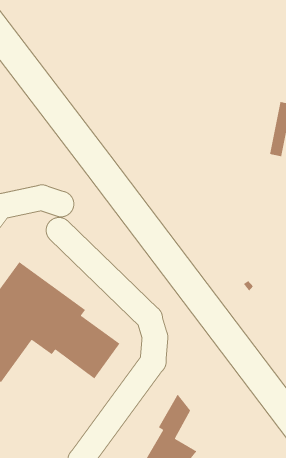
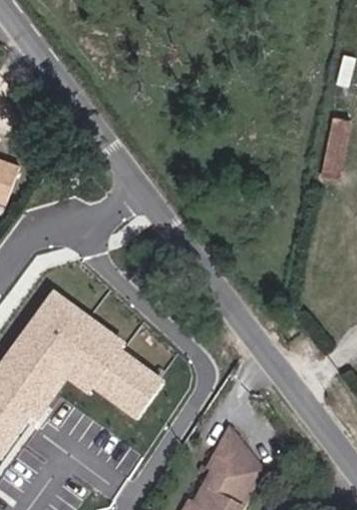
building: none -> [227,455,263,500]

